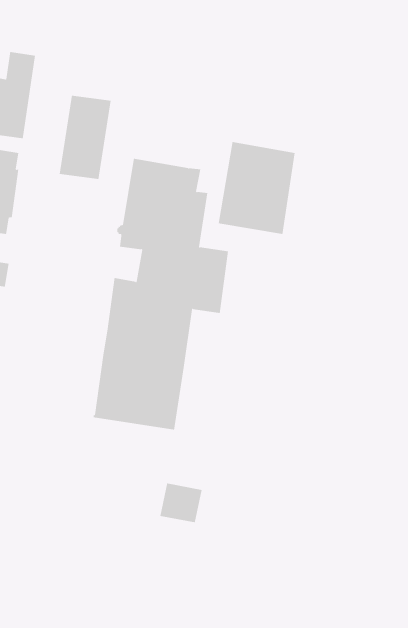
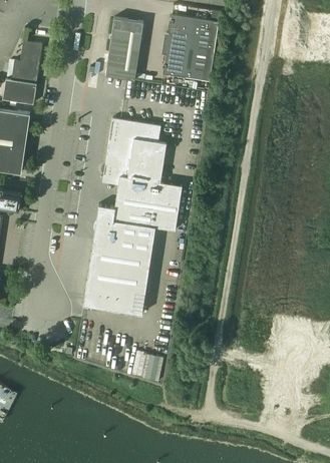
building: [59,95,111,180] -> [105,18,143,79]
building: [218,142,296,235] -> [162,14,219,81]

